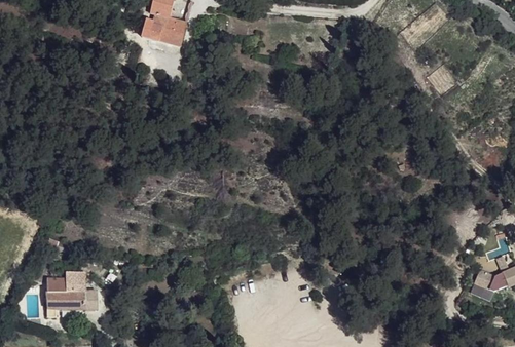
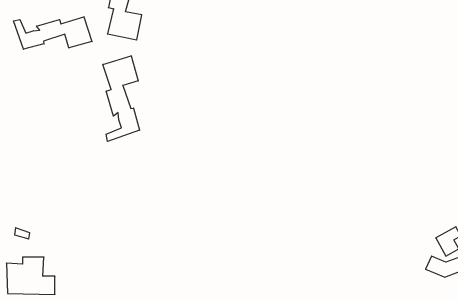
building: none -> [13,17,92,49]
building: none -> [103,56,140,141]

